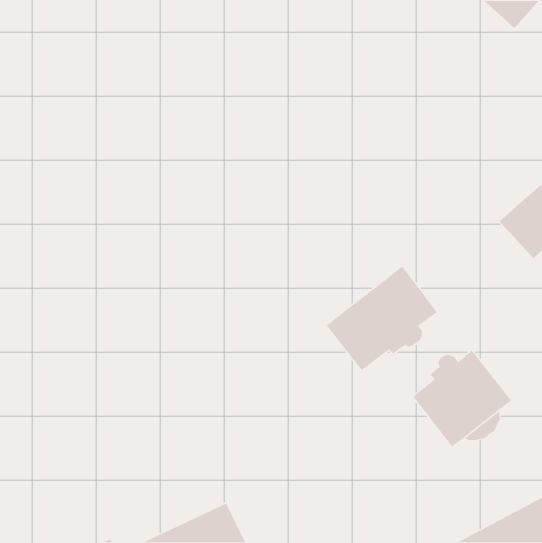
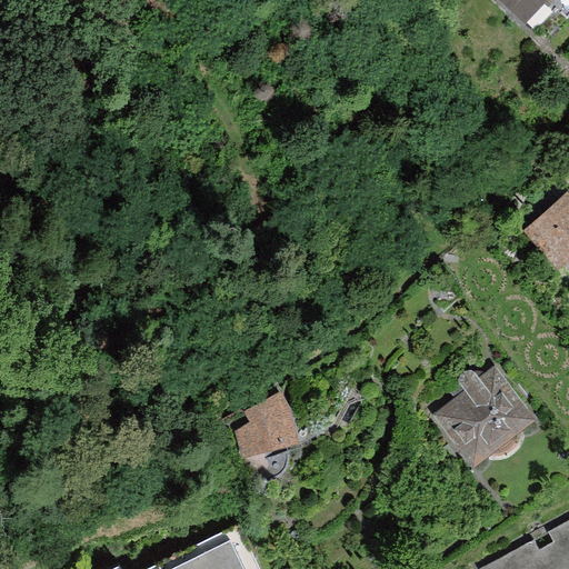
building: [326,266,438,371] -> none
building: none -> [234,392,300,459]

